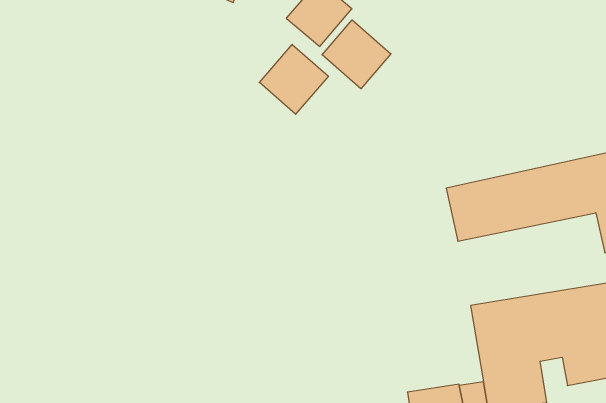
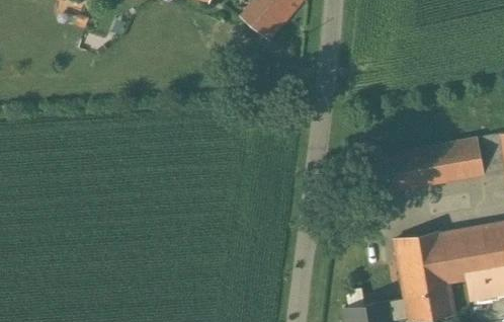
building: [322,20,391,89] -> none
building: [259,44,328,114] -> none

